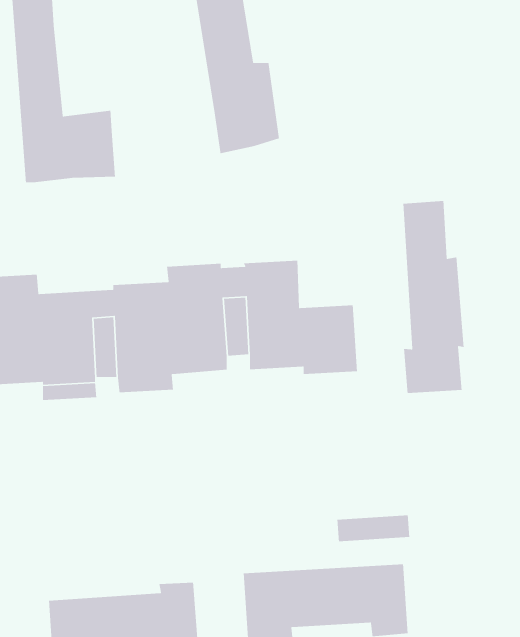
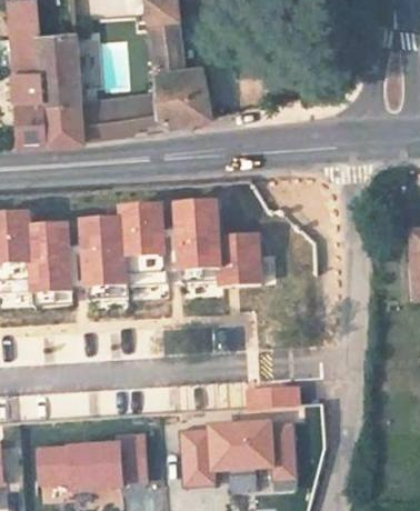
building: none -> [41,29,82,97]
building: none -> [83,94,161,141]
building: [402,200,465,394] -> none

